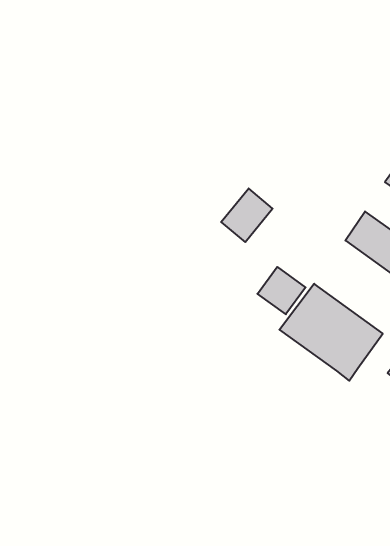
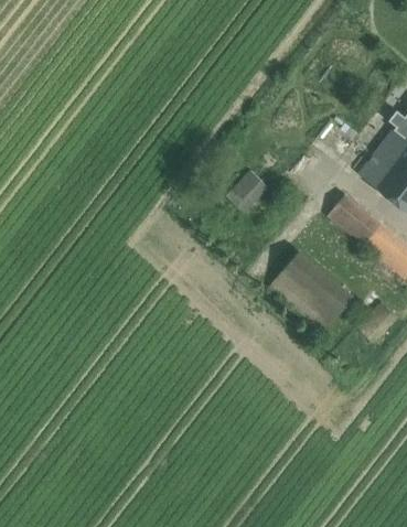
building: [257,267,306,314] -> none

